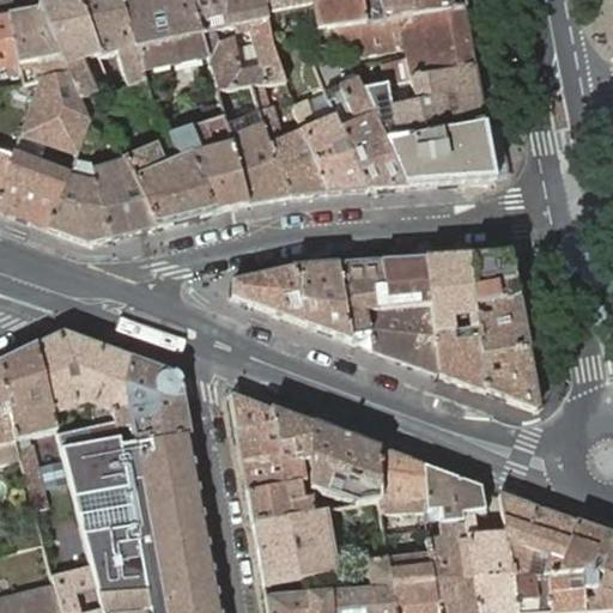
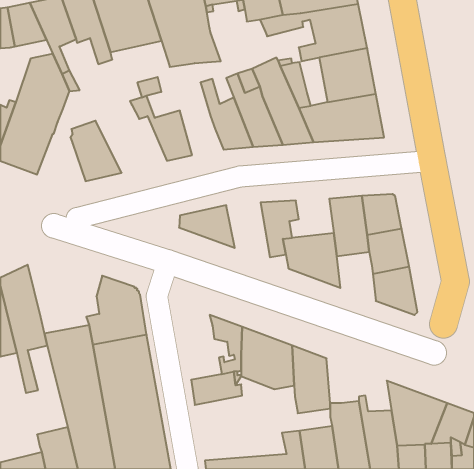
building: [217,81,289,200] -> none
building: [123,135,216,223] -> none
building: [48,158,110,239] -> none
building: [374,256,431,306] -> none
building: [292,261,350,338] -> none
building: [435,324,485,388] -> none
building: [36,329,132,424] -> none
building: [229,392,303,490] -> none
building: [421,462,485,520] -> none
building: [251,508,335,583] -> none

